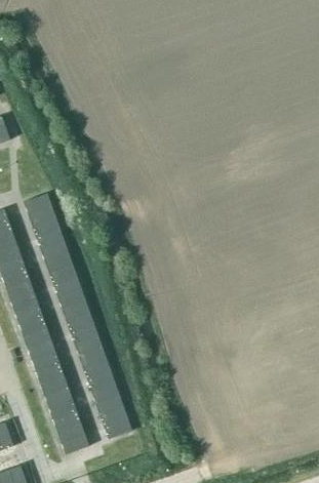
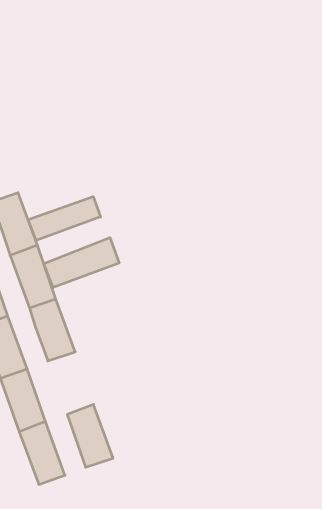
building: none -> [28,197,101,241]
building: none -> [44,238,119,287]
building: [73,335,114,392] -> none

